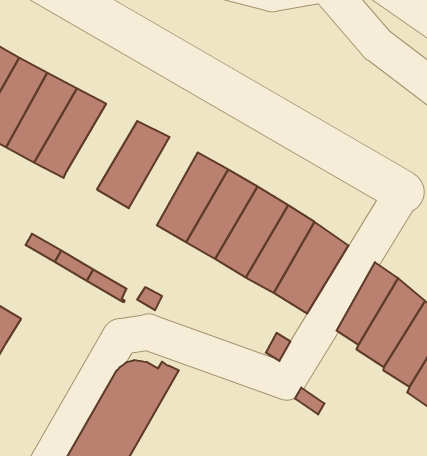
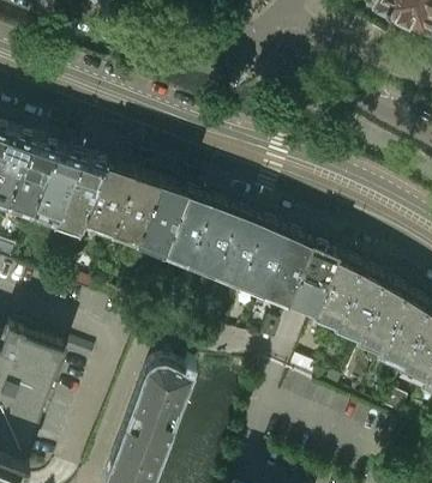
building: none -> [80,168,130,236]
building: none -> [134,186,181,256]
building: none -> [288,248,335,316]

